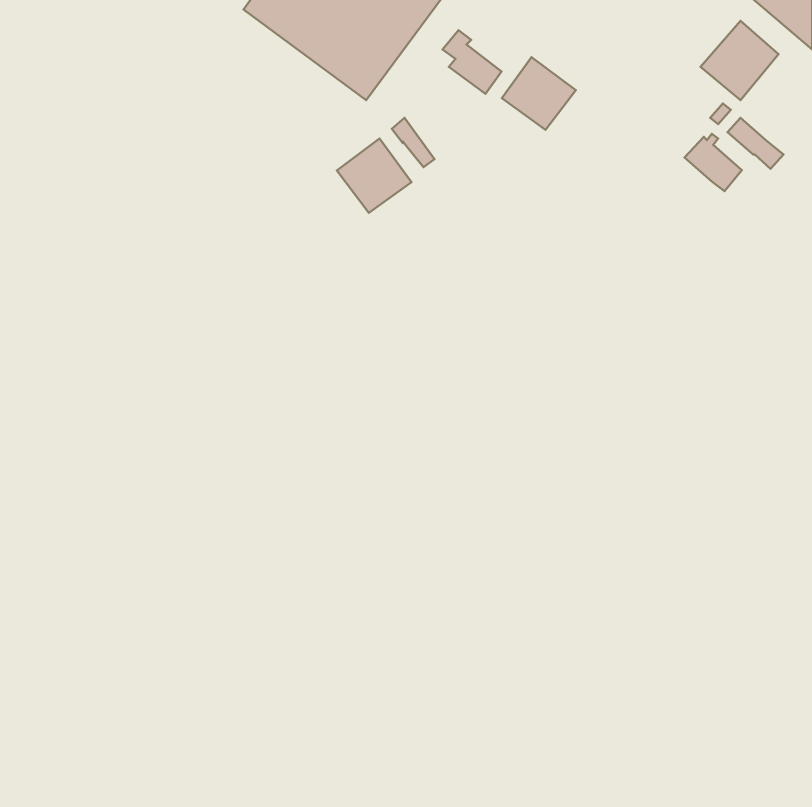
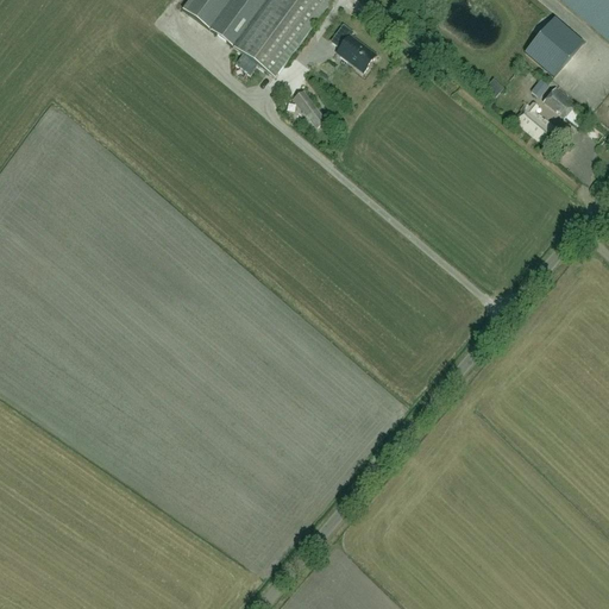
building: [502,57,576,130] -> none
building: [337,138,412,213] -> none

